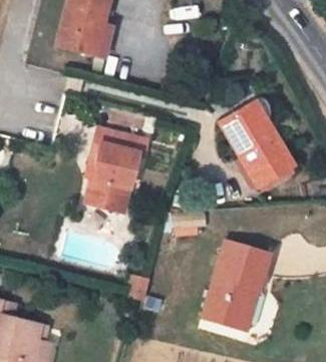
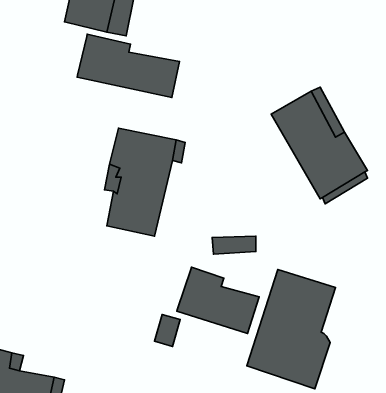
building: none -> [77,34,180,97]
building: none -> [177,267,259,333]

